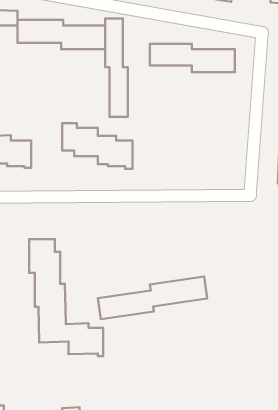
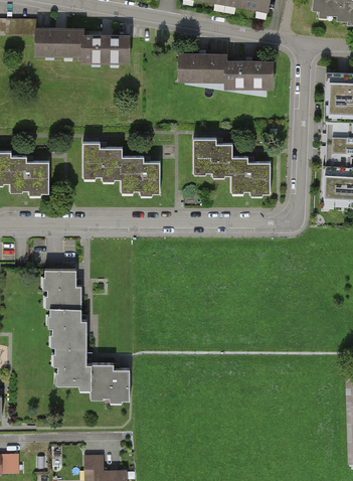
building: [105,18,128,117] -> none
building: none -> [194,139,271,193]
building: [98,277,207,319] -> none

